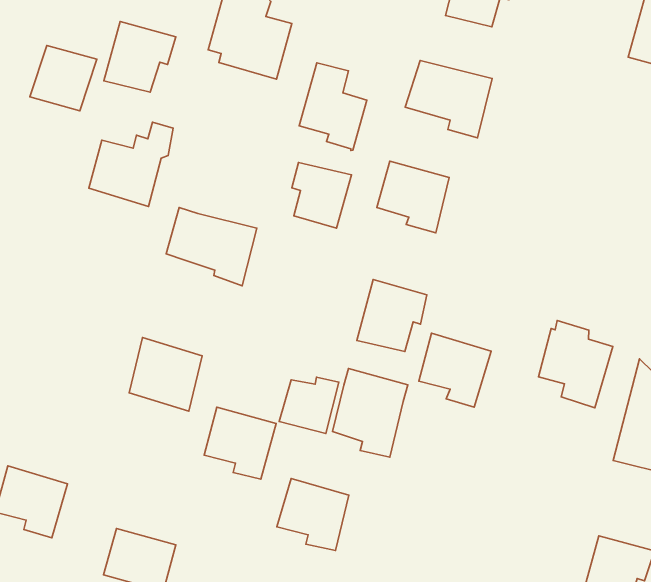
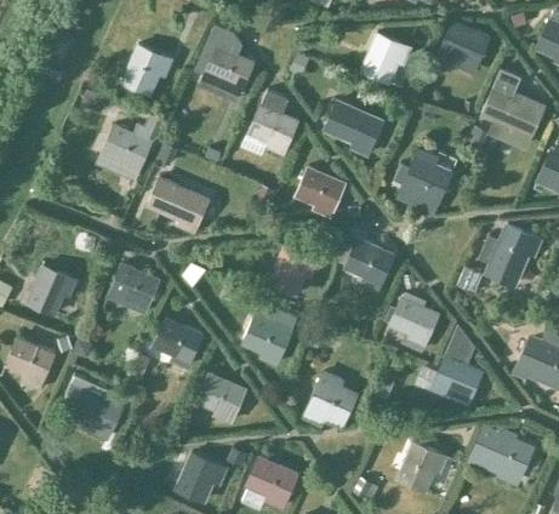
building: [30,45,97,111] -> none
building: none -> [393,148,454,215]
building: [292,162,351,228] -> none
building: [419,333,491,407] -> [343,236,395,291]
building: none -> [25,263,78,315]
building: [279,377,339,433] -> none
building: none -> [306,376,359,430]

